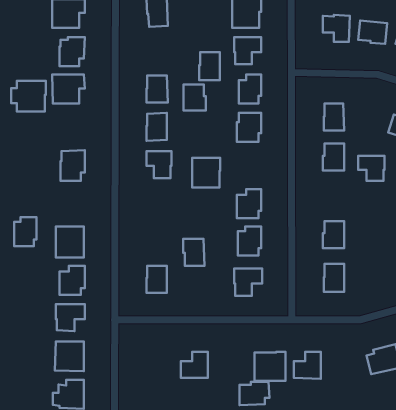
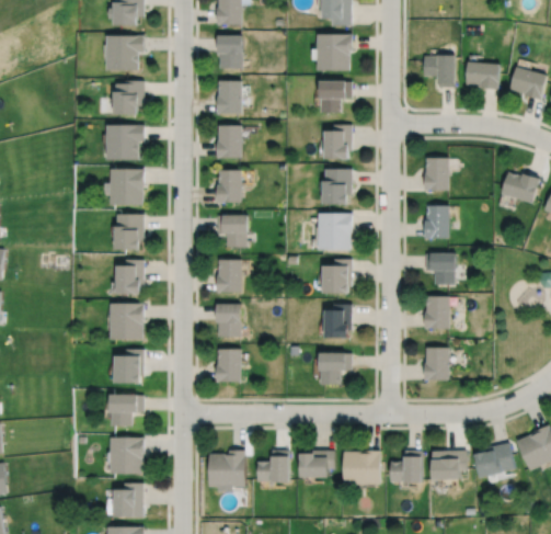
building: [199,52,220,80] -> [218,81,242,114]
building: [11,81,46,112] -> [104,169,145,205]
building: [184,85,206,111] -> none
building: [358,156,384,181] -> [424,253,455,283]
building: [192,158,220,188] -> [319,214,352,249]
building: none -> [217,260,241,292]
building: [14,217,37,246] -> [117,260,144,294]
building: [183,239,204,266] -> [216,305,241,337]
building: none -> [209,451,245,487]
building: none -> [432,451,466,479]
building: [240,382,270,405] -> [300,451,335,478]

